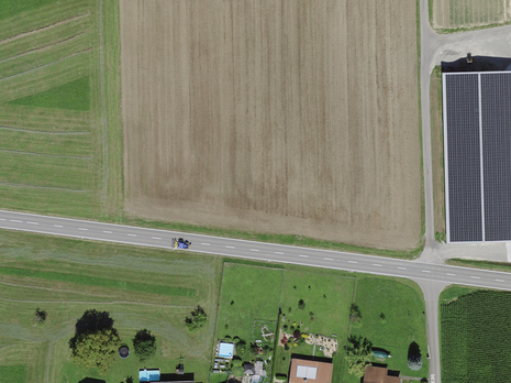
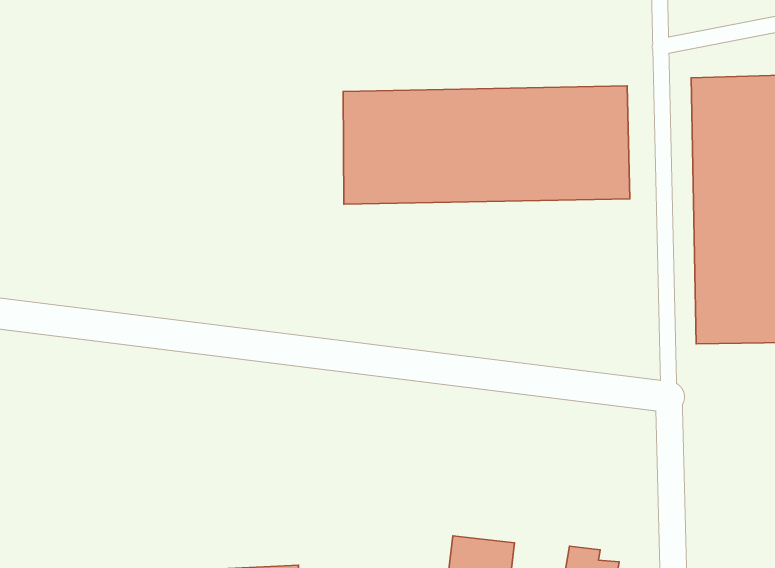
building: none -> [343,86,630,204]

